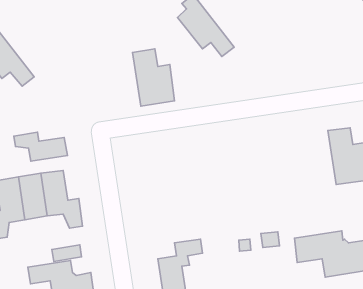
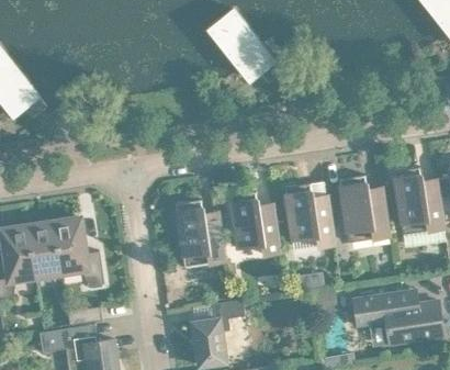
building: [133,49,174,106] -> [175,199,224,267]
building: [14,132,67,161] -> none
building: none -> [338,175,389,242]
building: none -> [284,182,334,250]
building: none -> [229,191,279,255]

